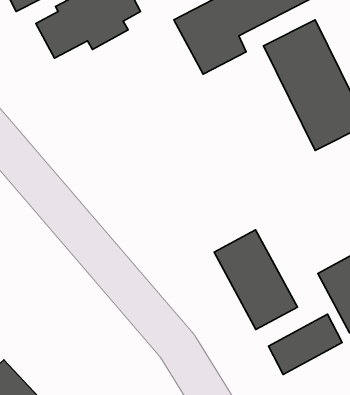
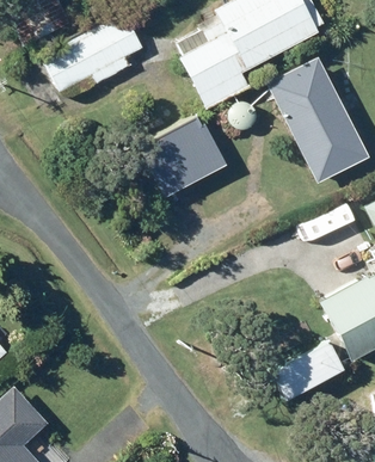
building: none -> [133,106,227,198]
building: [214,230,297,329] -> none

